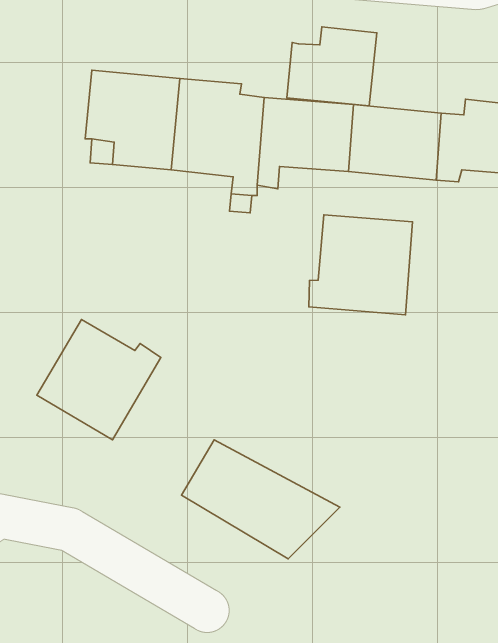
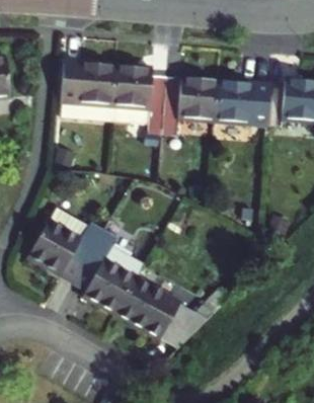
building: [287,27,377,106] -> none
building: [309,215,413,315] -> none
building: none -> [75,229,144,310]

